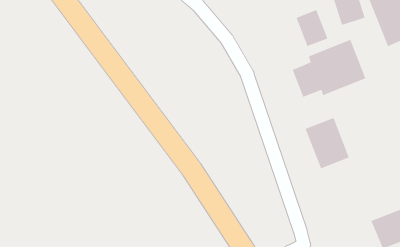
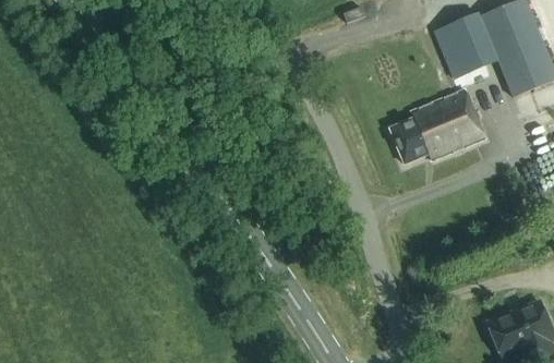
building: [296,9,328,47] -> none
building: [305,117,350,169] -> none

